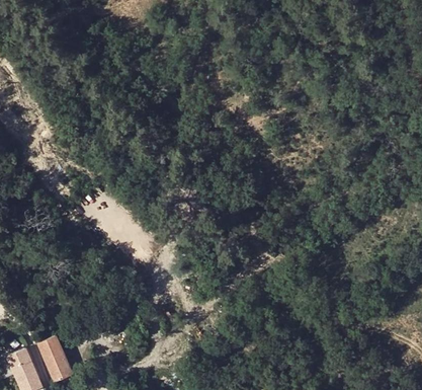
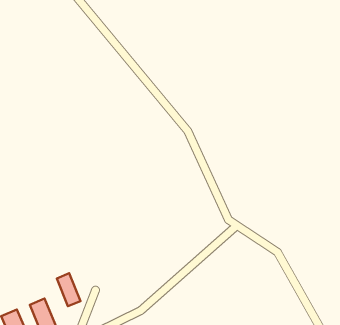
building: none -> [57,273,81,306]

